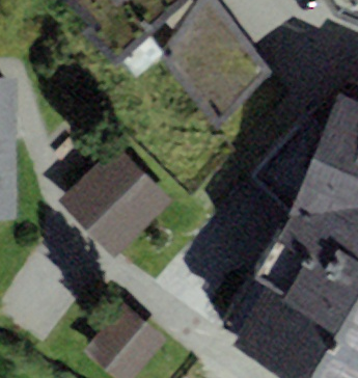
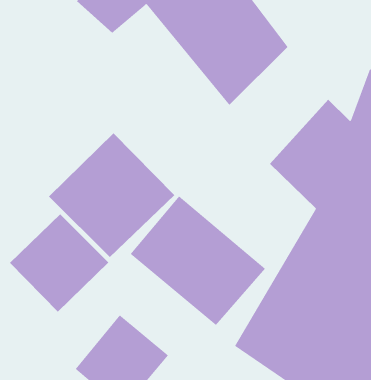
building: none -> [130,195,266,326]
building: none -> [9,214,109,313]

